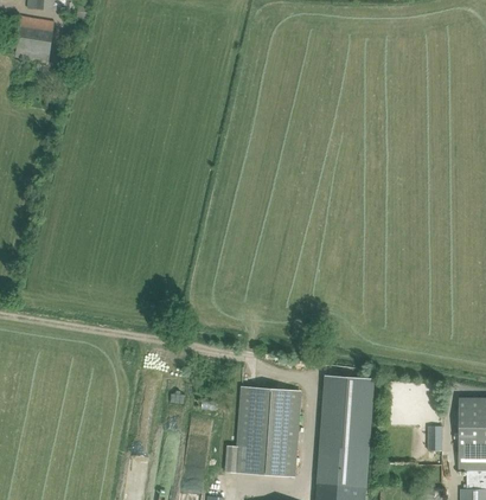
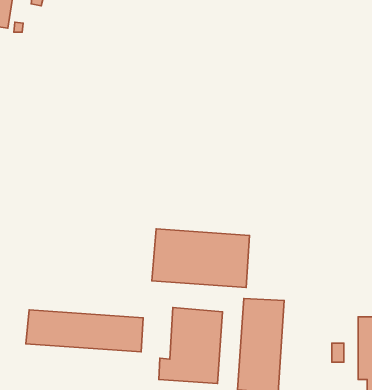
building: none -> [152,229,250,287]
building: none -> [26,310,143,352]

